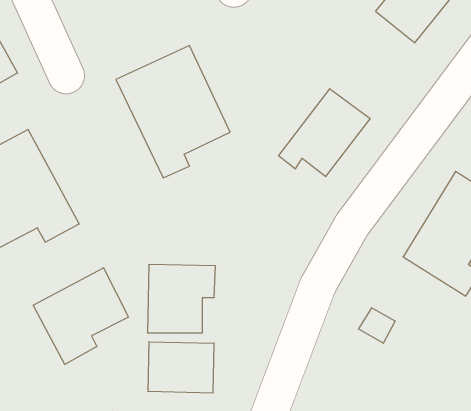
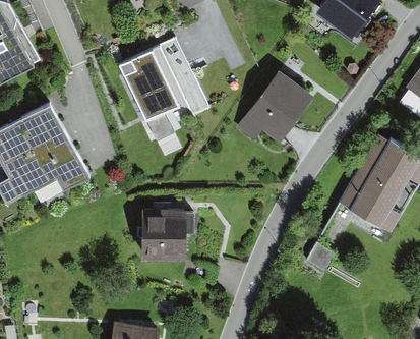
building: [33,268,128,364] -> none
building: [148,342,214,393] -> none

